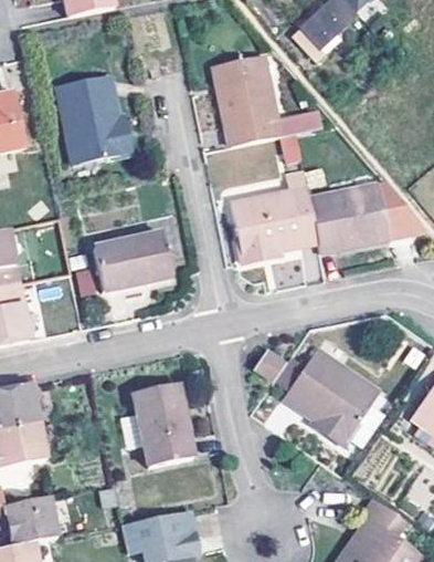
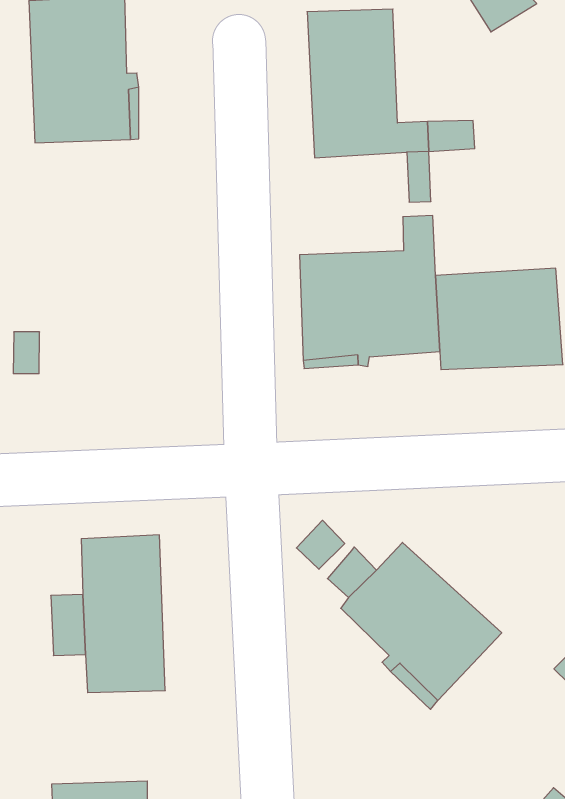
building: [95,233,173,291] -> none

